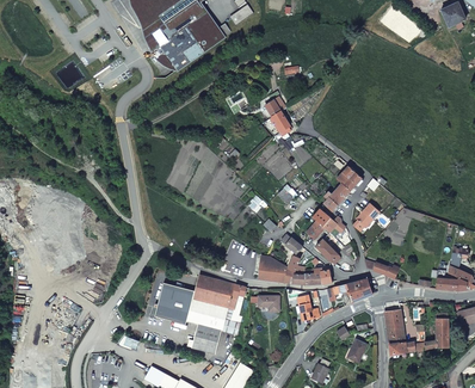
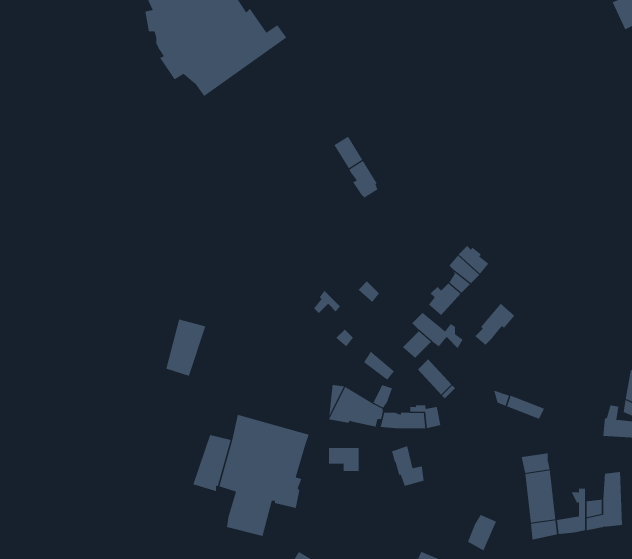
building: [333,278,372,302] -> none
building: [155,283,181,320] -> [165,319,206,376]

